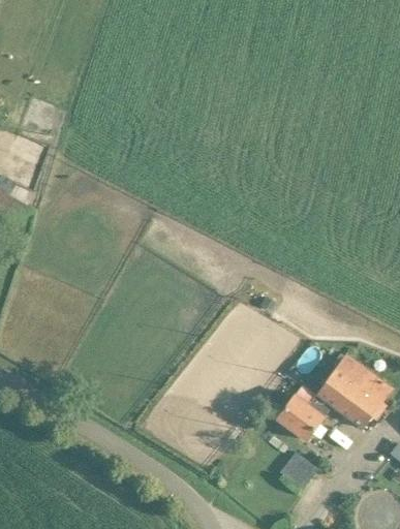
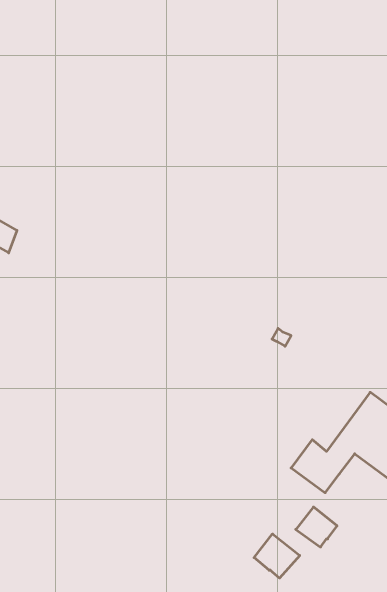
building: none -> [254,534,300,578]

